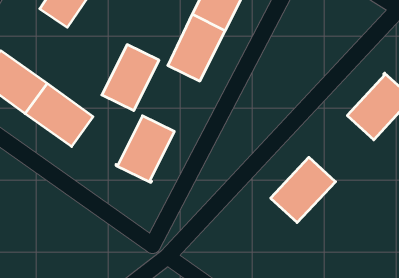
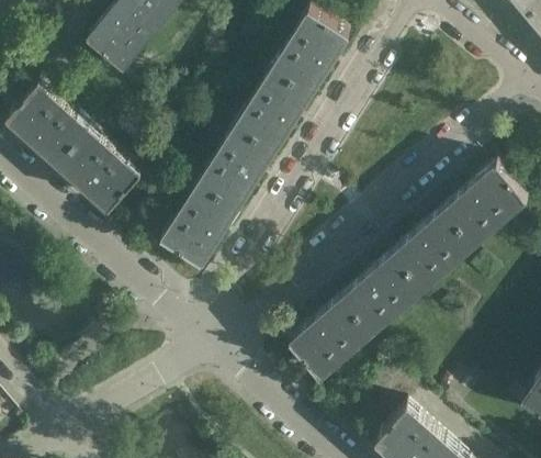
building: [102,45,159,111] -> [199,127,272,208]
building: none -> [393,212,473,290]
building: none -> [289,301,370,381]

